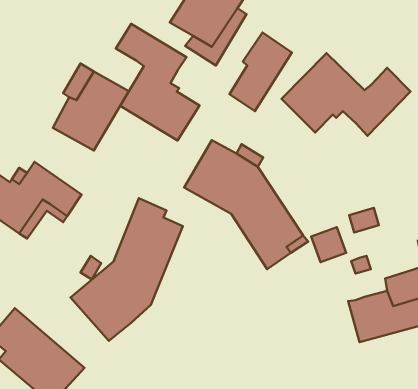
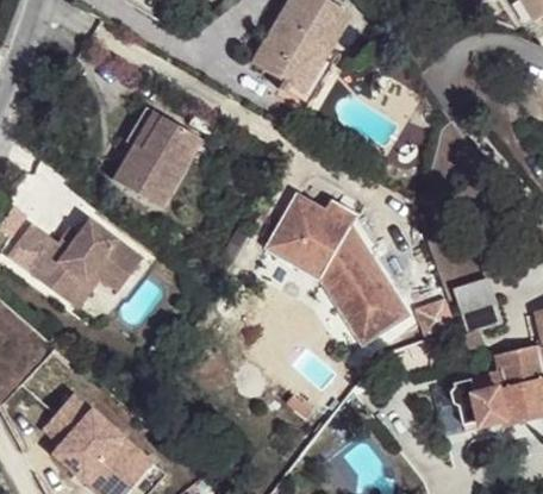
building: [116,24,199,141] -> none
building: [230,32,292,111] -> none
building: [282,53,411,136] -> none
building: [70,198,183,341] -> none

